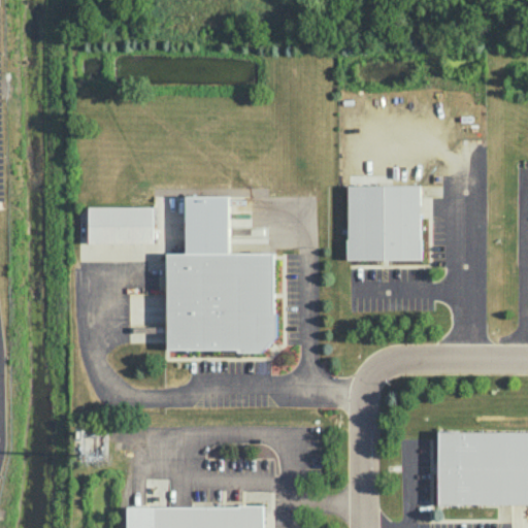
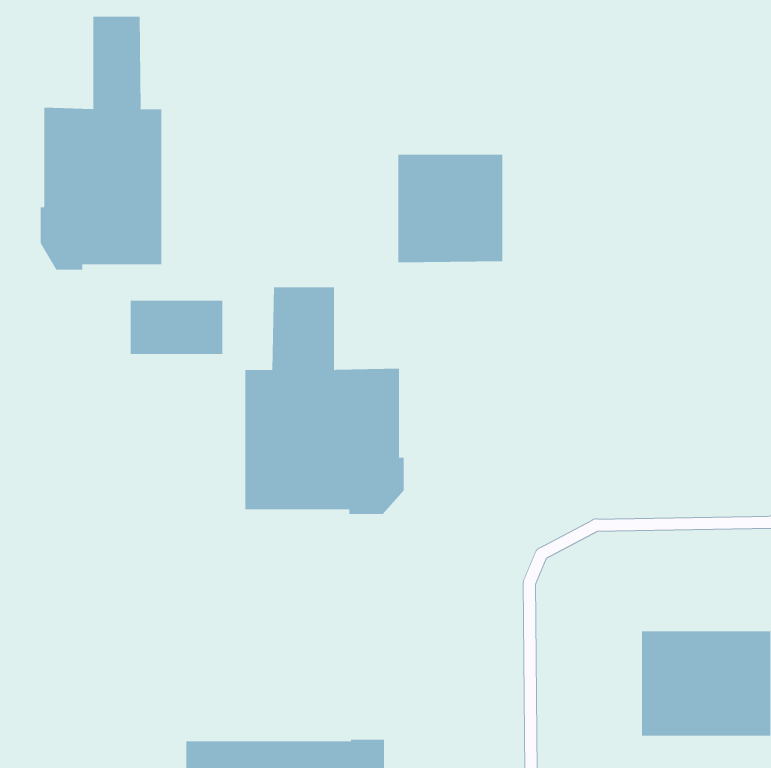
building: none -> [40,16,162,270]
building: [348,187,420,261] -> [398,154,503,263]

